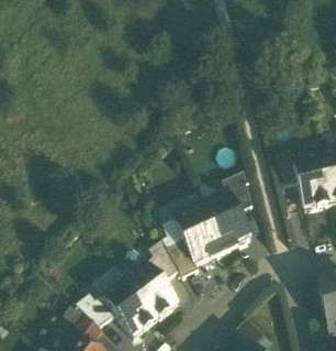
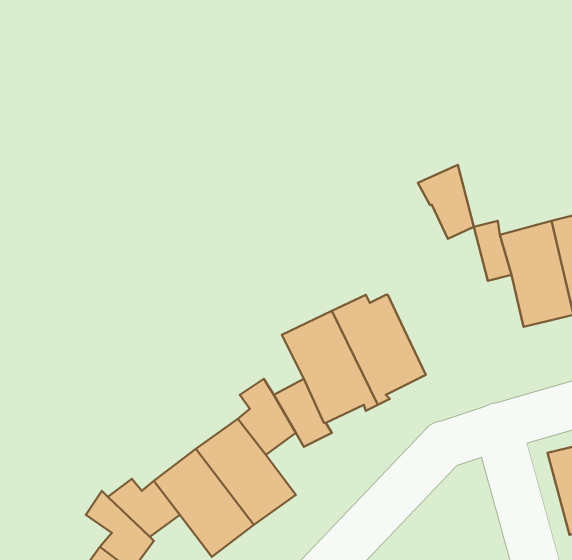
building: [222,169,253,210] -> [418,165,474,239]

